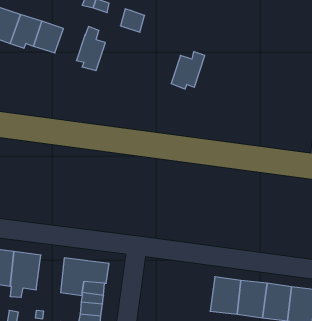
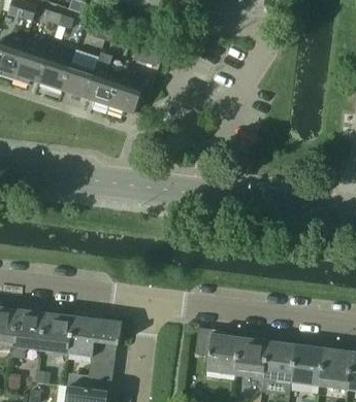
building: none -> [62,63,95,98]
building: [171,52,205,89] -> [107,74,144,115]
building: none -> [41,312,72,354]
building: none -> [195,328,238,374]

